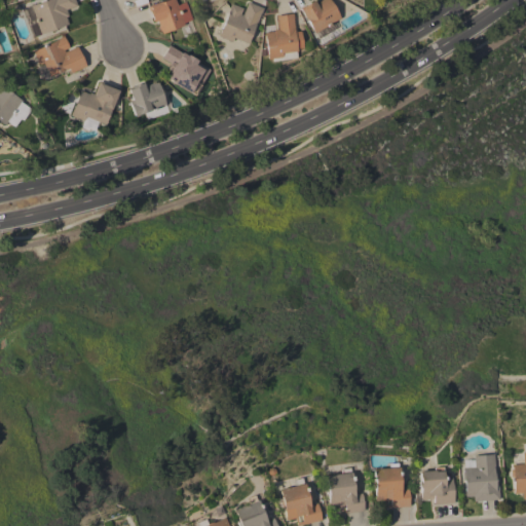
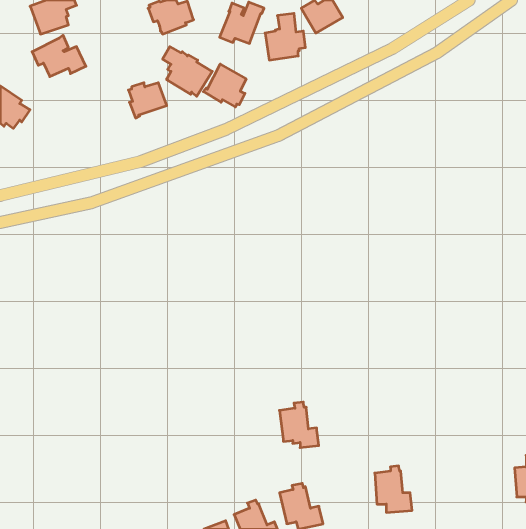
building: none -> [203,64,246,107]
building: [72,80,122,124] -> none
building: [464,454,501,501] -> none
building: [420,466,456,504] -> none
building: [327,467,366,513] -> [279,402,319,448]

